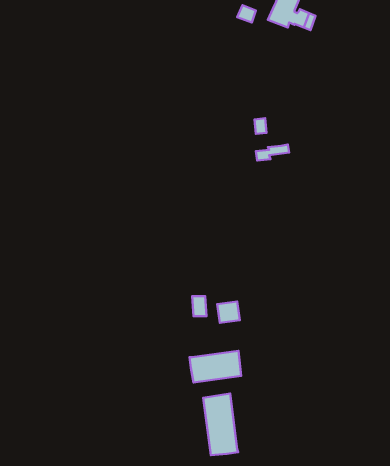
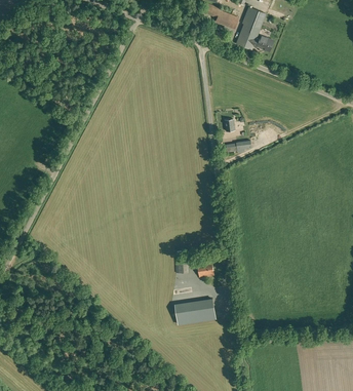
building: [203,393,238,455] -> none

